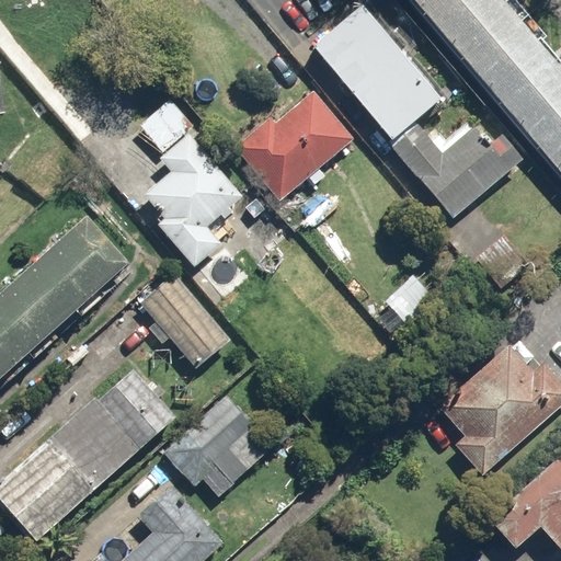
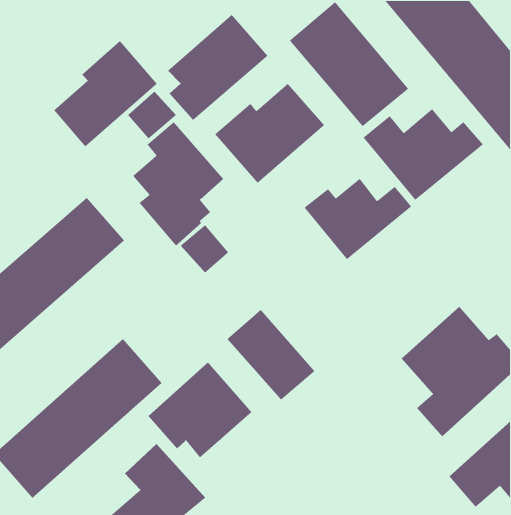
building: none -> [167,14,269,121]
building: none -> [53,40,158,147]
building: none -> [303,178,412,260]
building: [135,272,231,371] -> [227,309,315,401]

